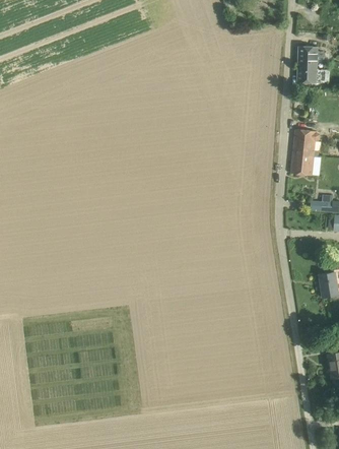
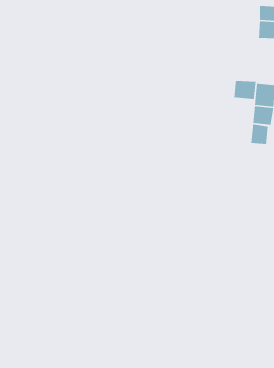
building: none -> [234,80,256,100]
building: none -> [251,123,269,145]

